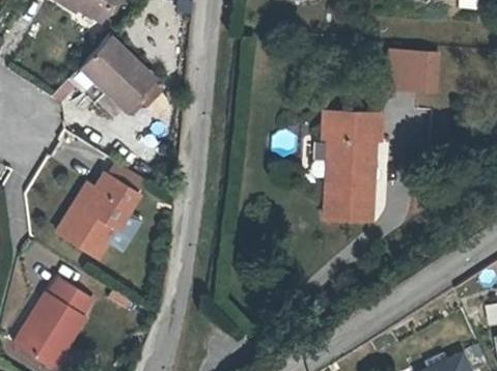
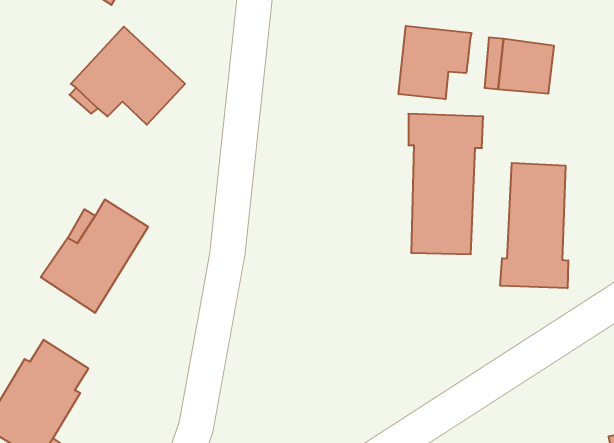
building: none -> [399,26,471,99]
building: none -> [500,163,568,288]

